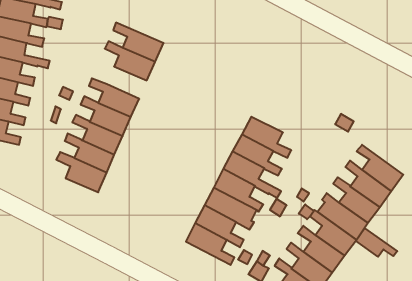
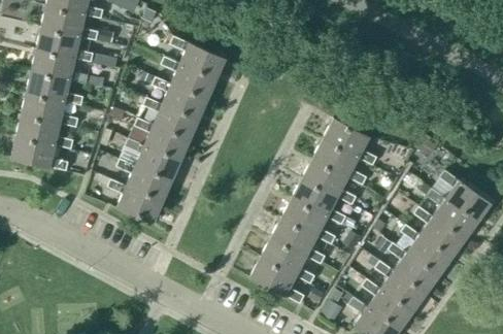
building: none -> [152,76,207,120]
building: none -> [323,118,377,165]
building: [356,228,397,257] -> none

